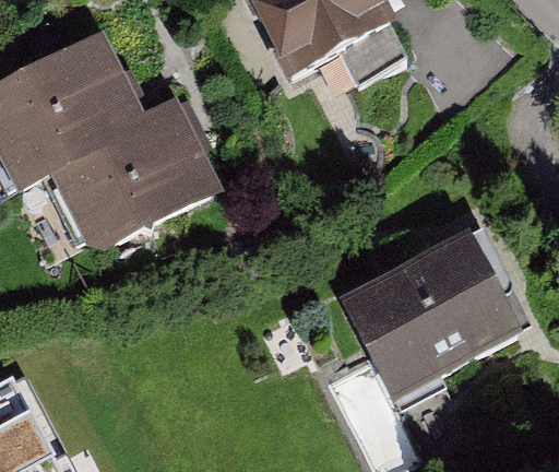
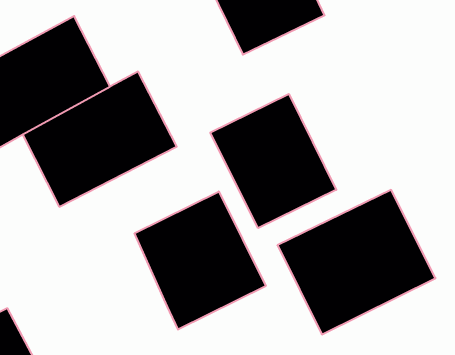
building: none -> [210,94,336,228]
building: none -> [135,191,266,330]

